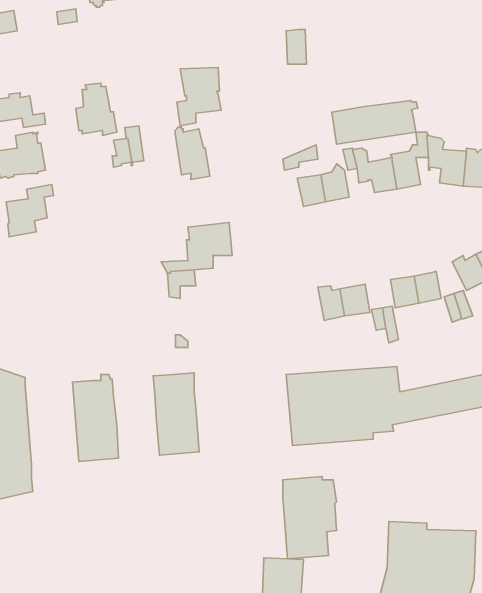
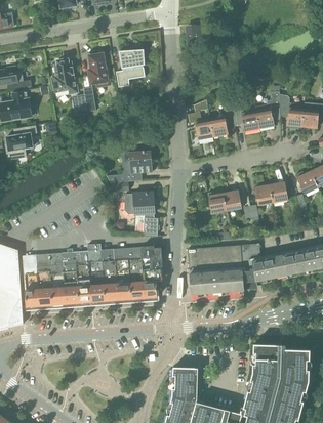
building: [332,100,418,144] -> none
building: [175,127,210,179] -> [87,53,110,87]
building: none -> [125,193,159,236]
building: none -> [75,244,106,303]
building: none -> [23,254,53,307]
building: [283,477,336,559] -> [128,246,163,299]

